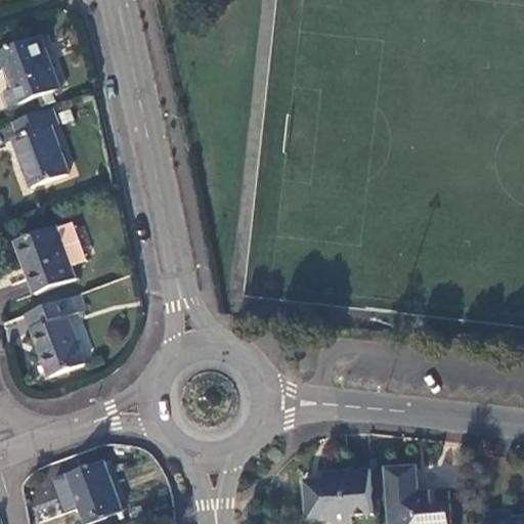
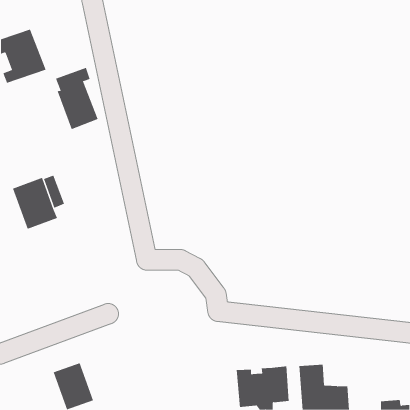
building: [12,106,68,186] -> [55,67,98,130]
building: [30,297,83,376] -> none

